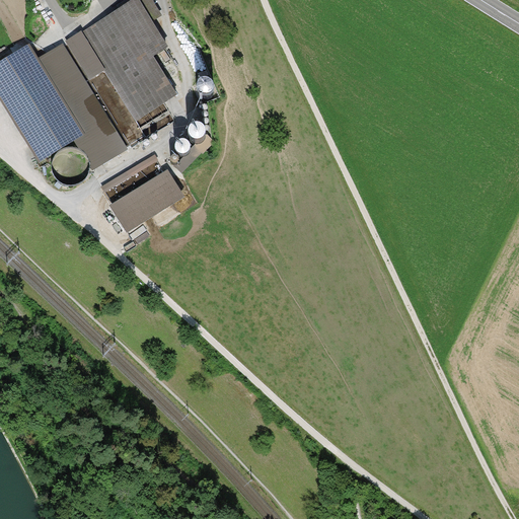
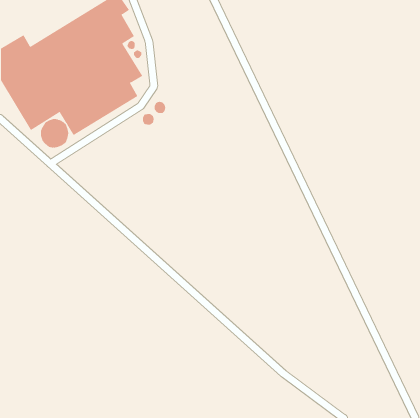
building: [101,153,183,231] -> none

